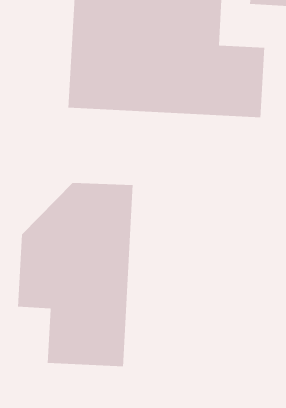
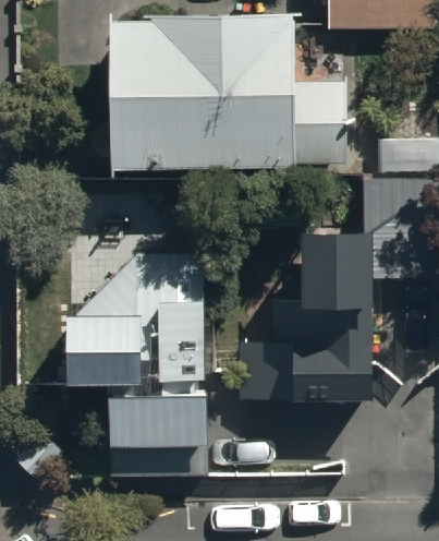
building: none -> [289,229,369,396]

